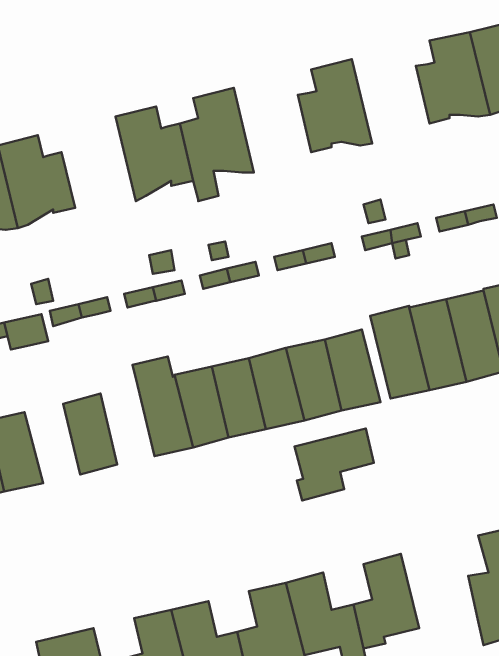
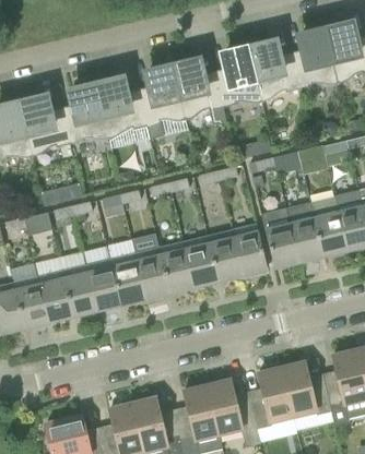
building: none -> [249,41,299,101]
building: none -> [173,60,226,123]
building: none -> [61,84,109,143]
building: none -> [86,258,121,309]
building: none -> [37,270,73,321]
building: [295,428,374,501] -> none
building: none -> [281,361,331,415]

